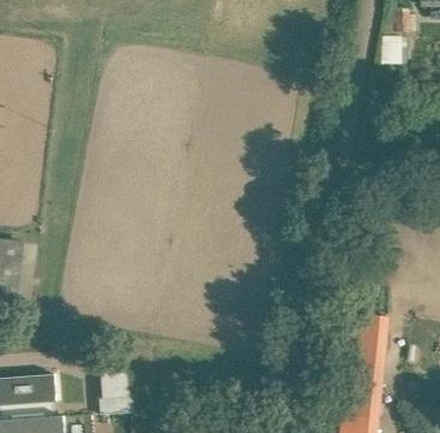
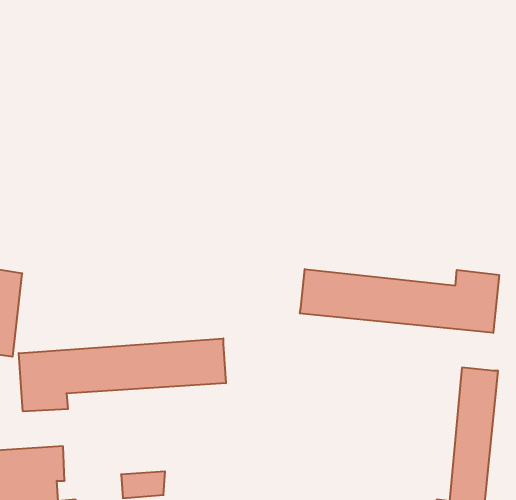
building: none -> [300,269,499,333]
building: none -> [19,338,226,411]

